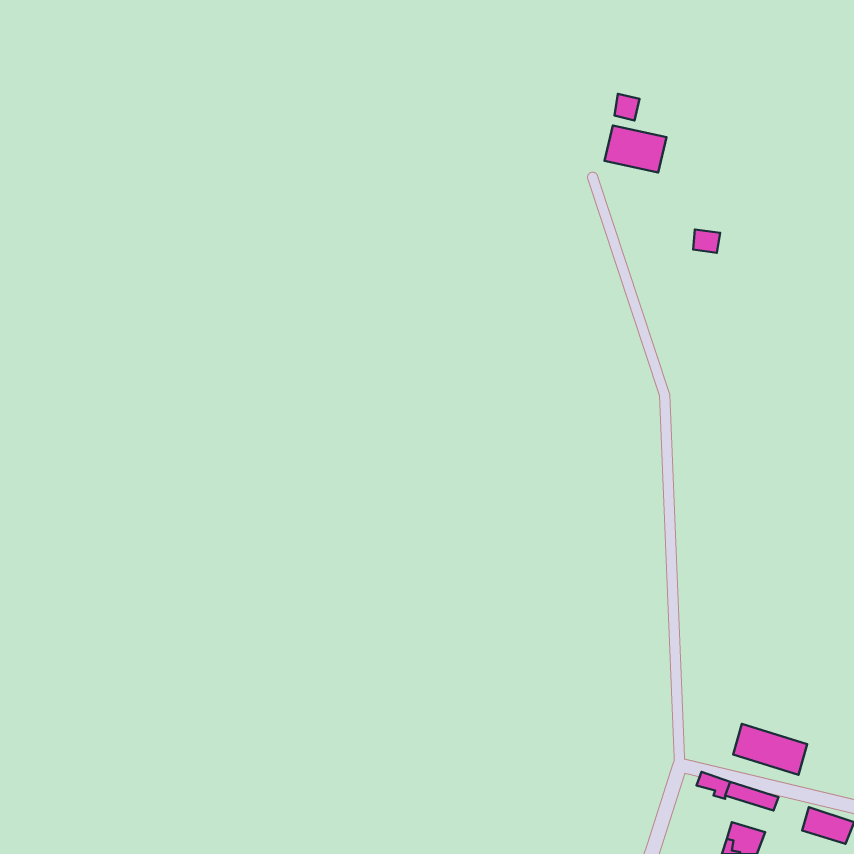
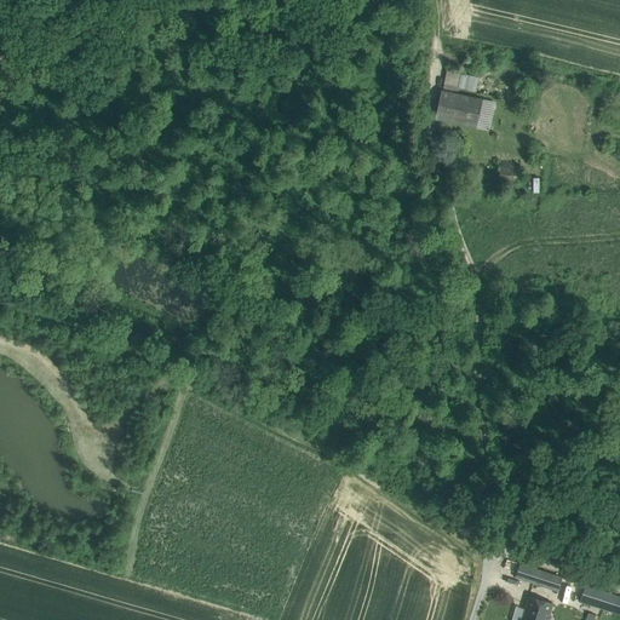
building: [733,724,807,775] -> none

